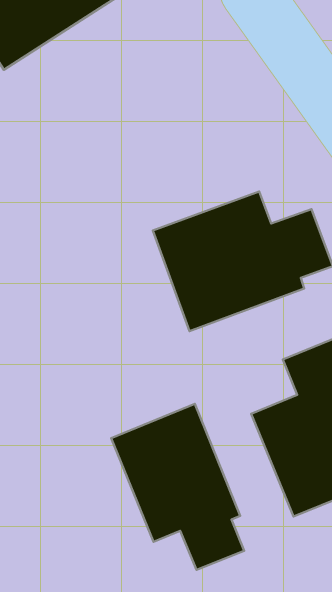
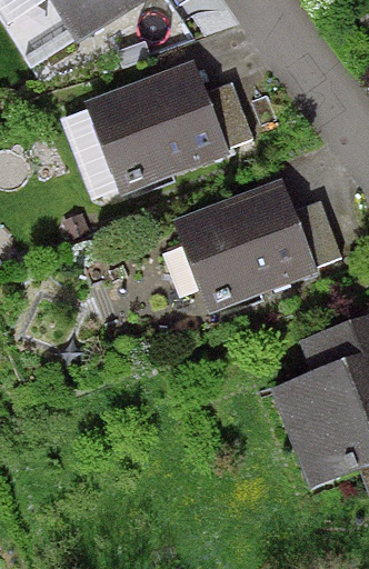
building: none -> [84,67,253,197]
building: [111,404,244,570] -> none

